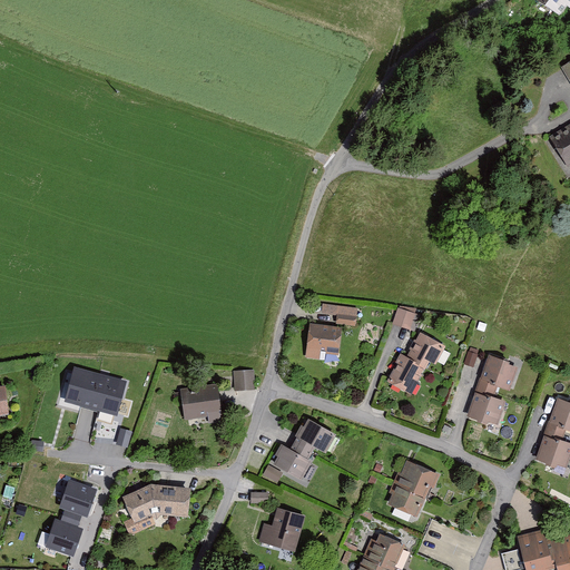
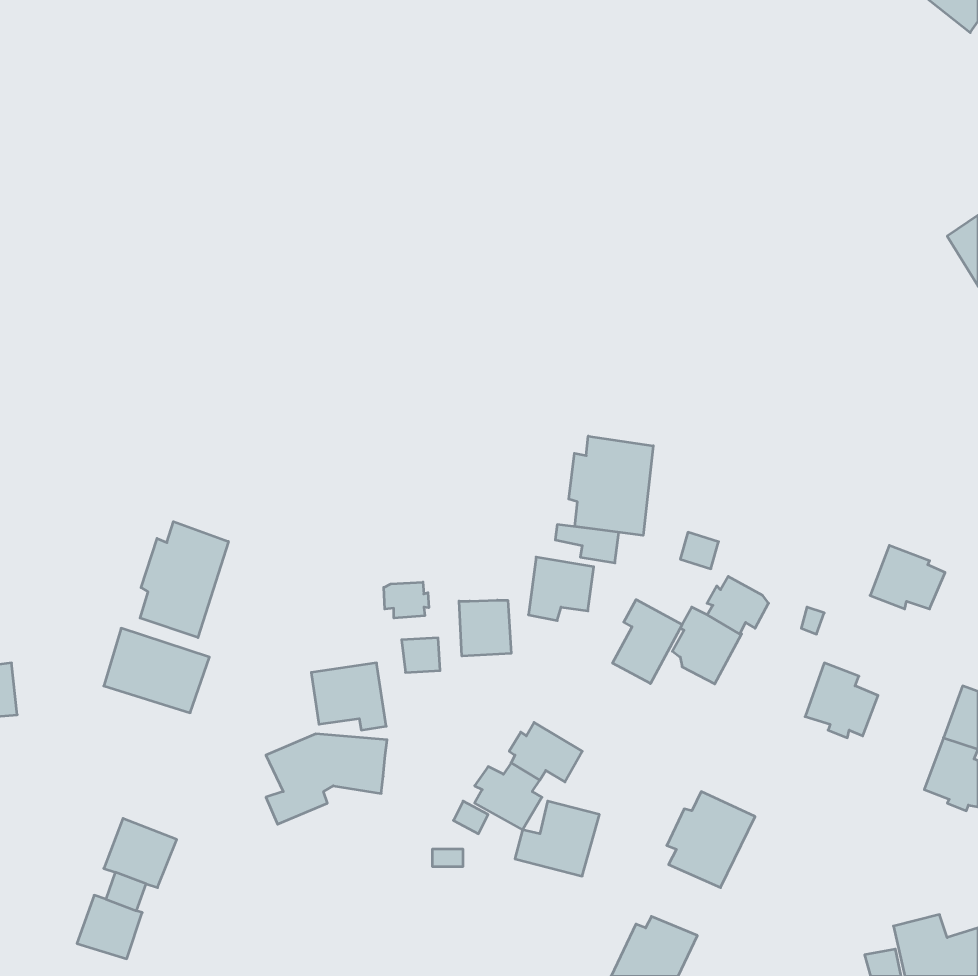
building: none -> [569,436,653,535]
building: none -> [140,522,228,638]
building: none -> [384,582,429,618]
building: none -> [613,600,682,684]
building: none -> [459,600,511,656]
building: [478,355,521,392] -> [870,545,945,609]
building: [122,484,193,537] -> [266,734,387,824]
building: [259,508,308,551] -> [515,801,599,876]

